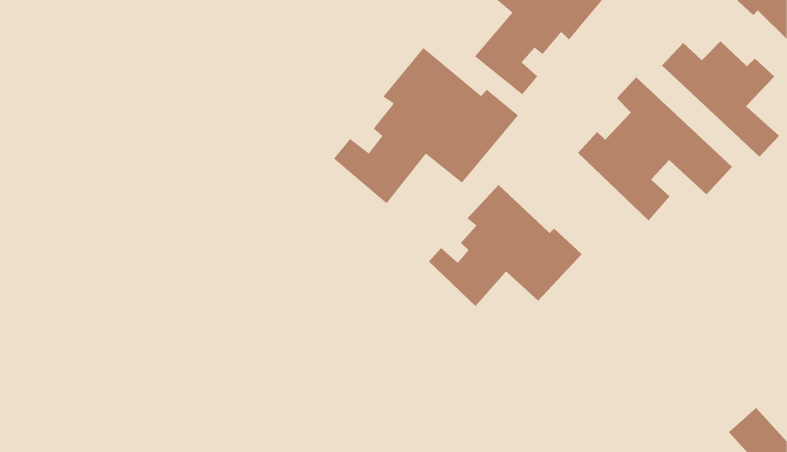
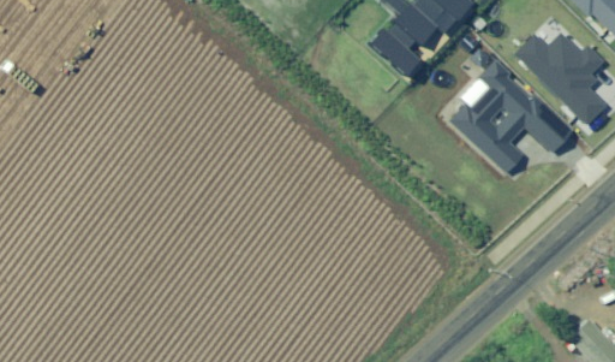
building: [333,47,519,204] -> none
building: [428,184,582,307] -> none

